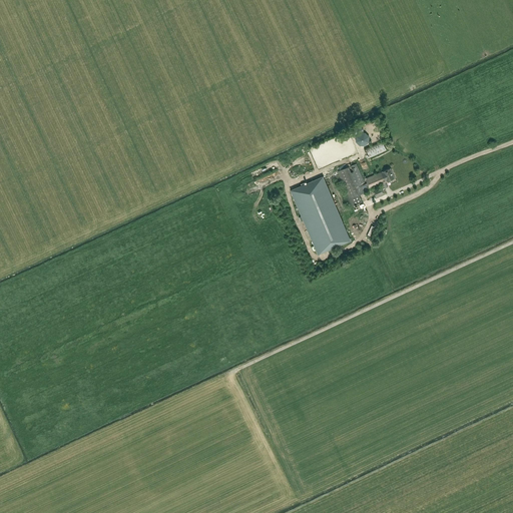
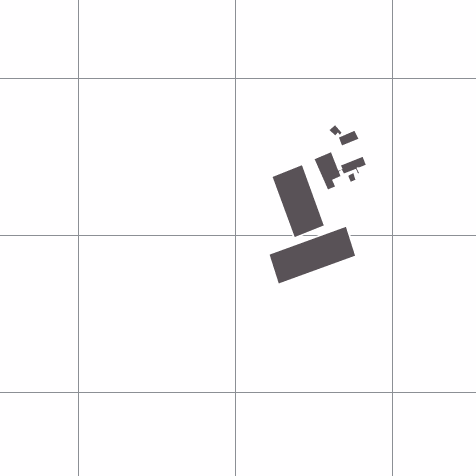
building: none -> [268,226,356,285]

